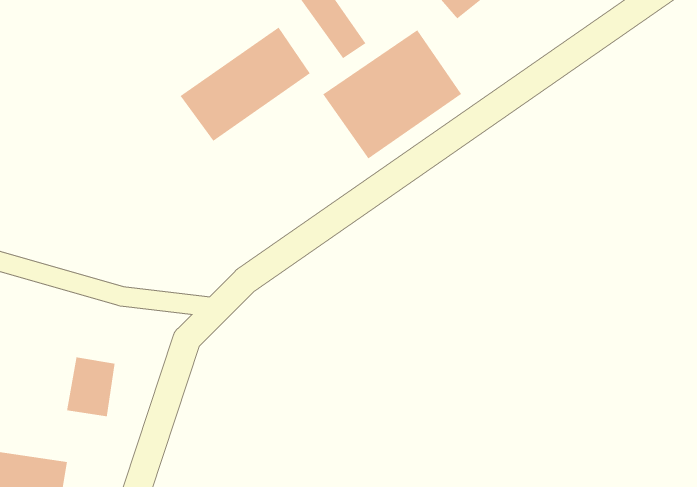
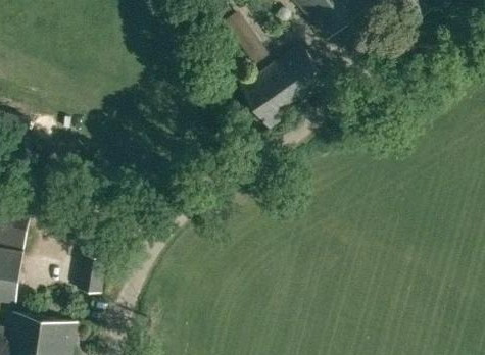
building: [180,27,311,142] -> none

